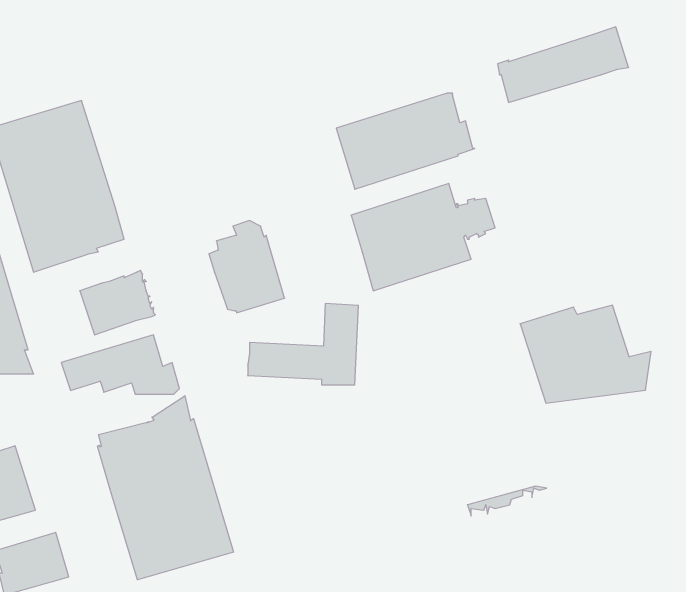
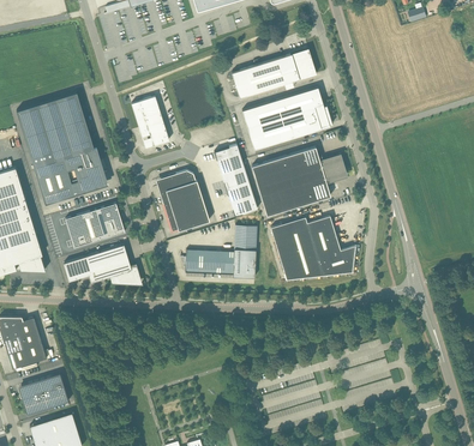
building: [498,27,629,102] -> [232,48,317,97]
building: none -> [131,96,169,145]
building: none -> [214,144,257,216]
building: [520,305,651,403] -> [270,216,355,279]
building: [97,396,234,580] -> none

